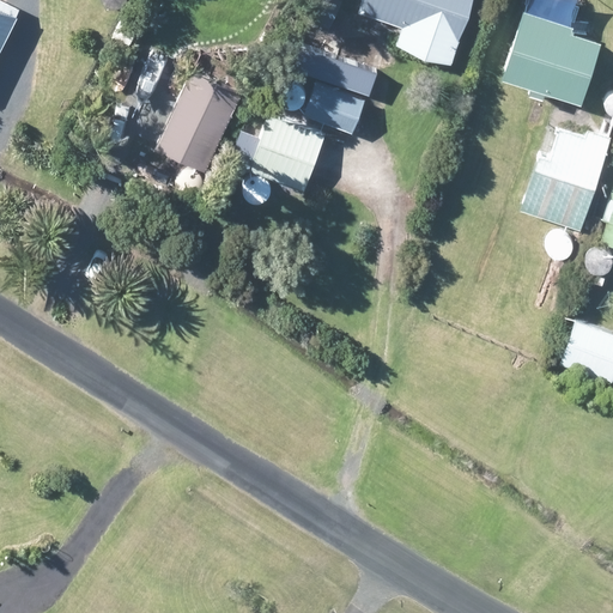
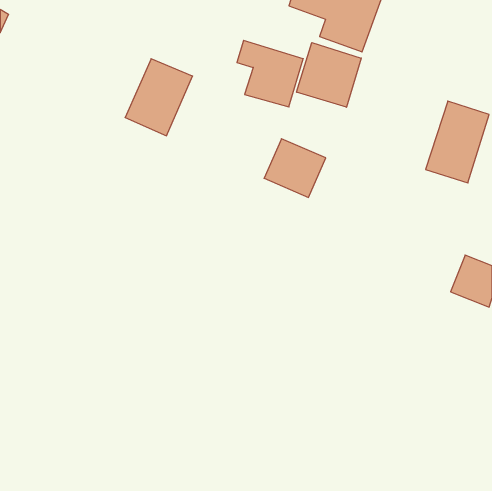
building: [502,12,599,103] -> none
building: none -> [297,43,361,107]
building: [248,117,324,190] -> [264,139,326,197]

